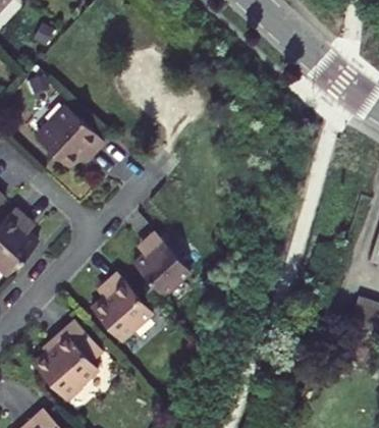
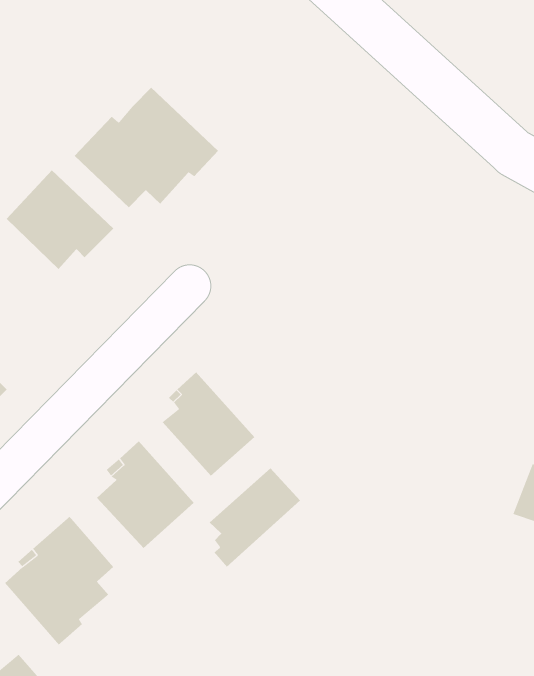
building: none -> [74,87,219,208]
building: none -> [209,467,301,567]

